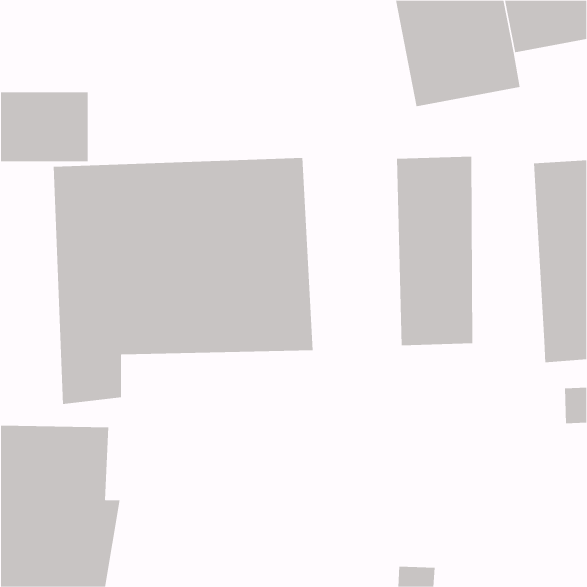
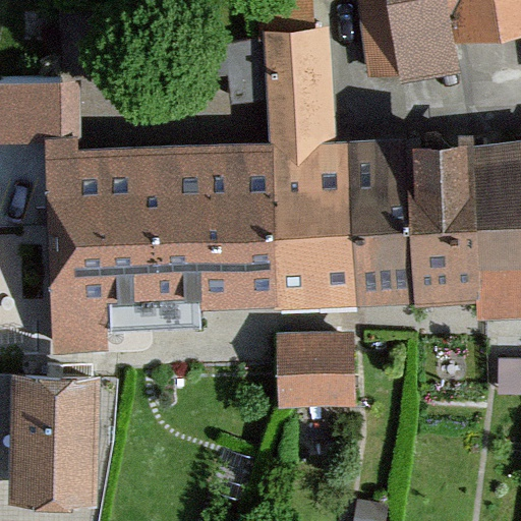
building: none -> [266,30,355,310]
building: none -> [418,137,481,304]
building: none -> [275,331,356,412]

